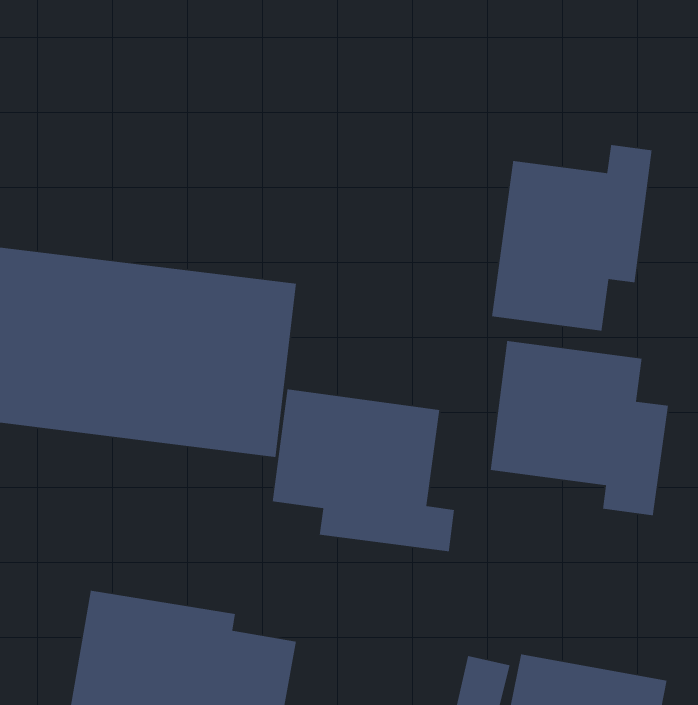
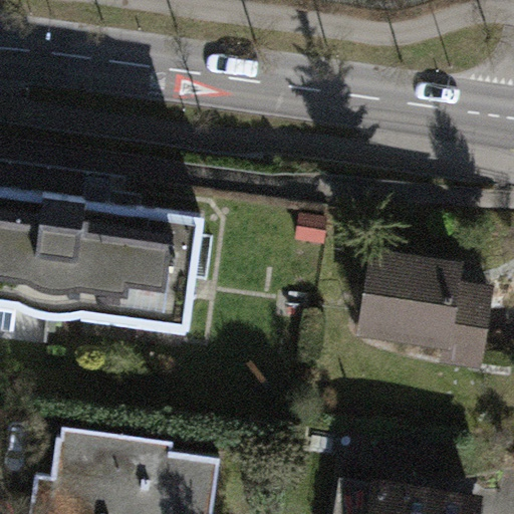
building: [491,144,652,331] -> none
building: [272,389,455,552] -> none

